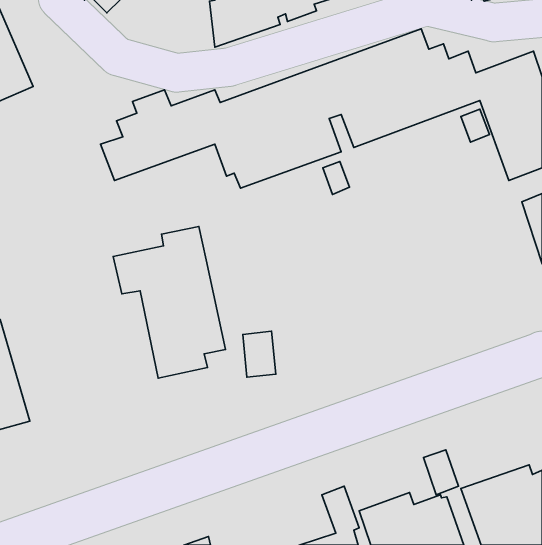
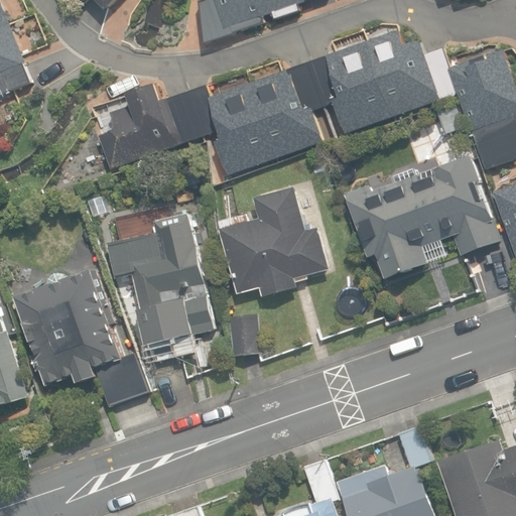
building: none -> [344,155,501,279]
building: none -> [219,185,329,295]
building: none -> [14,268,147,405]

